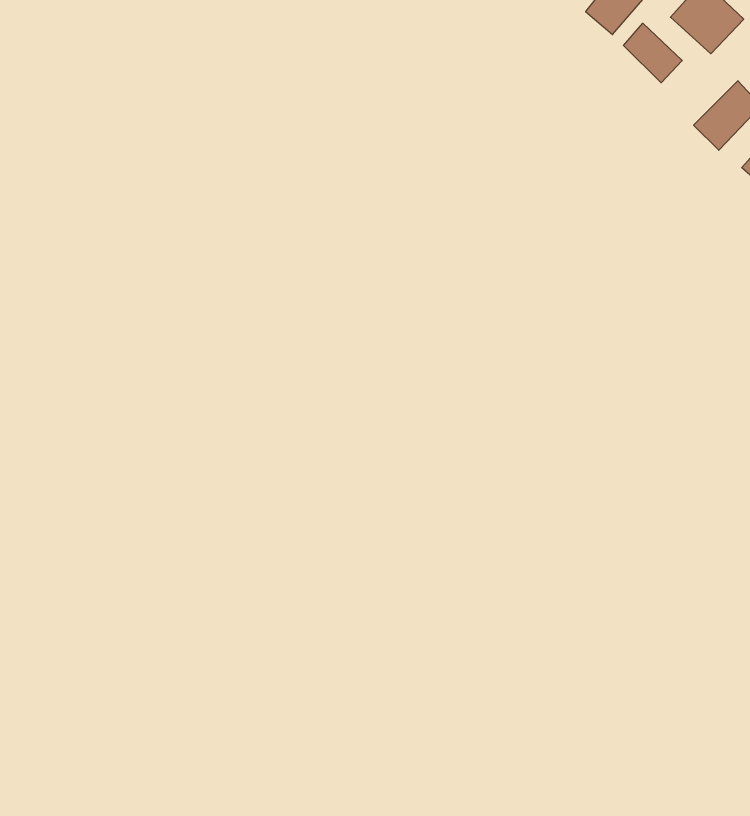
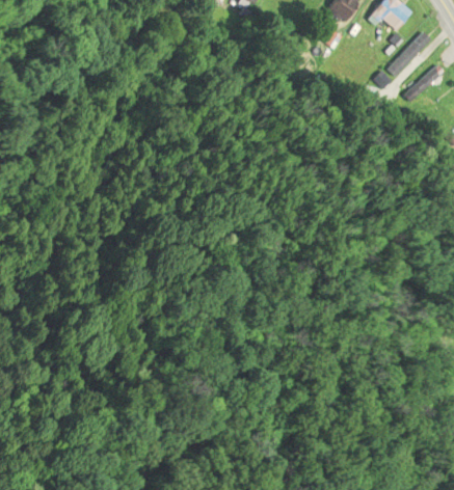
building: [623,23,682,83] -> none

